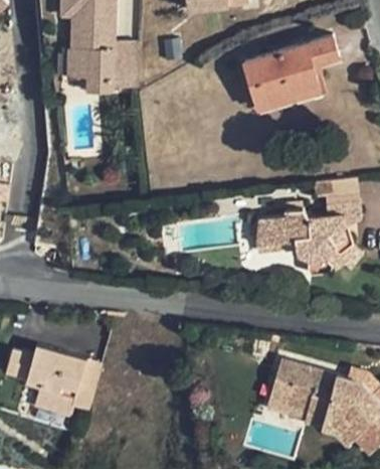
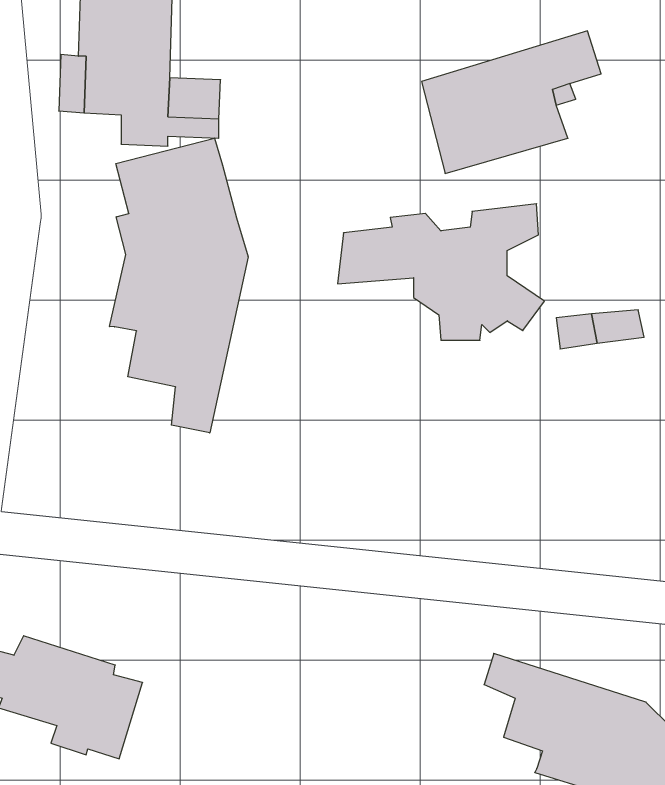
building: none -> [110,138,248,433]
building: [256,203,363,274] -> [338,204,544,340]
building: [266,372,307,416] -> none

